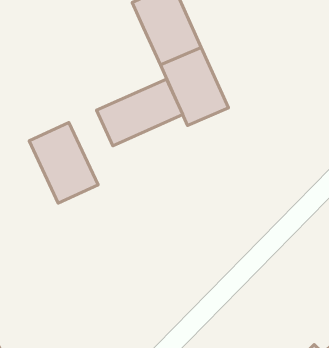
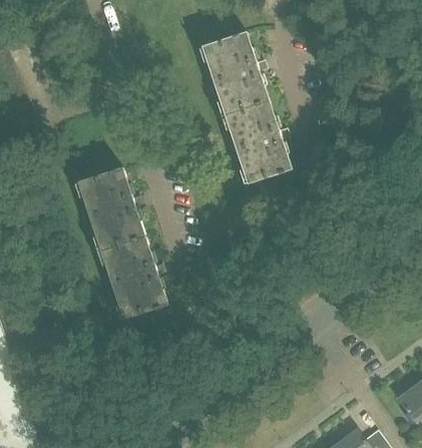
building: [97,79,183,146] -> none
building: none -> [100,237,167,320]

